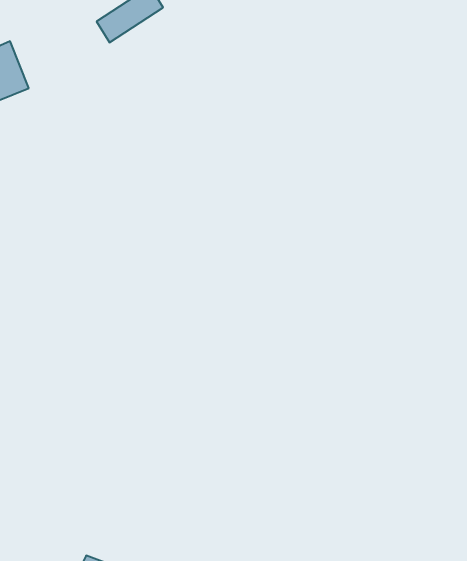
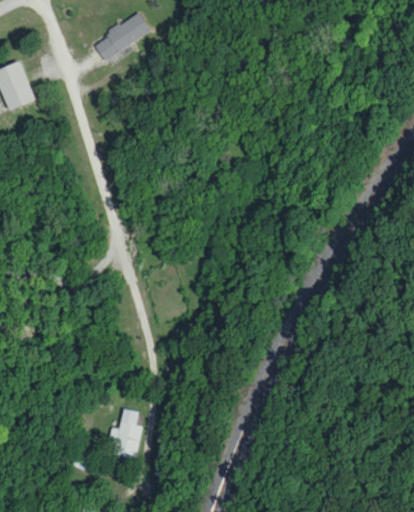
building: none -> [108,410,142,460]

